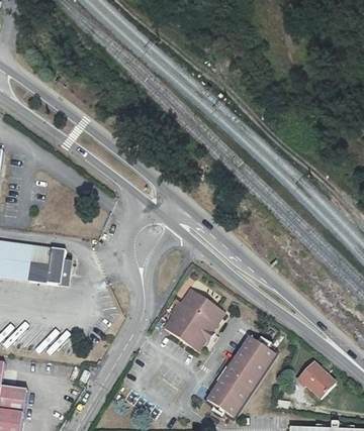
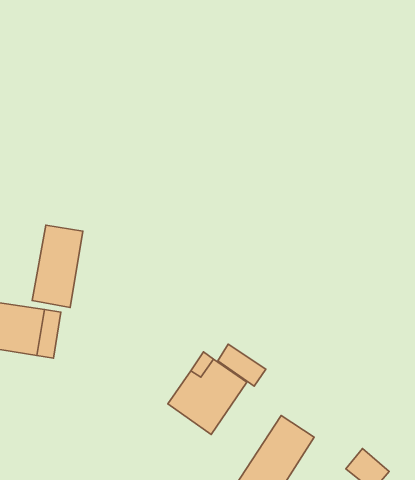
building: none -> [32,225,83,307]
building: none -> [218,344,266,386]

